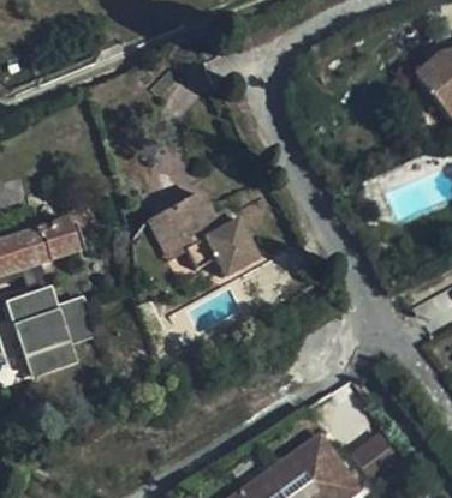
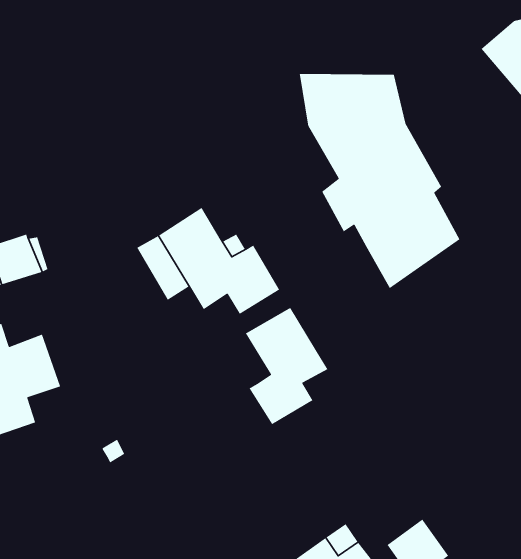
building: none -> [299,73,461,289]
building: none -> [245,307,328,425]

